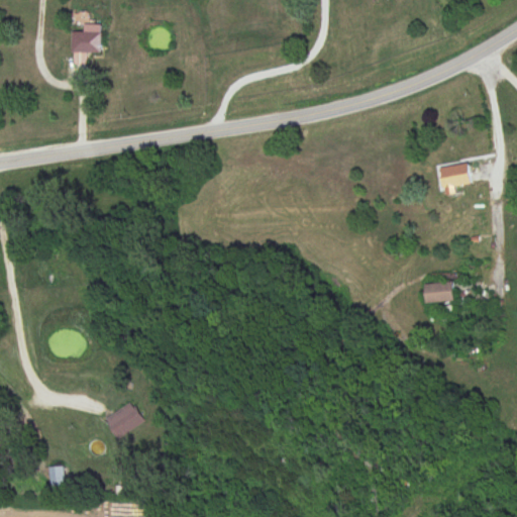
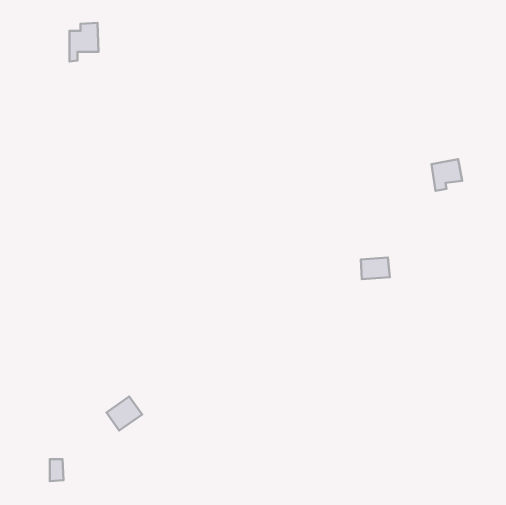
building: [423,281,452,303] -> [361,257,390,279]

